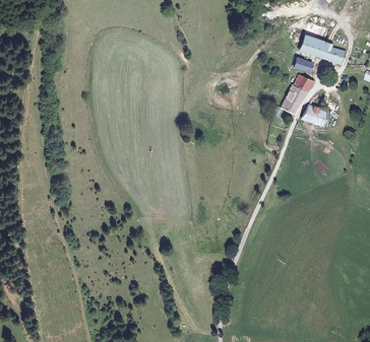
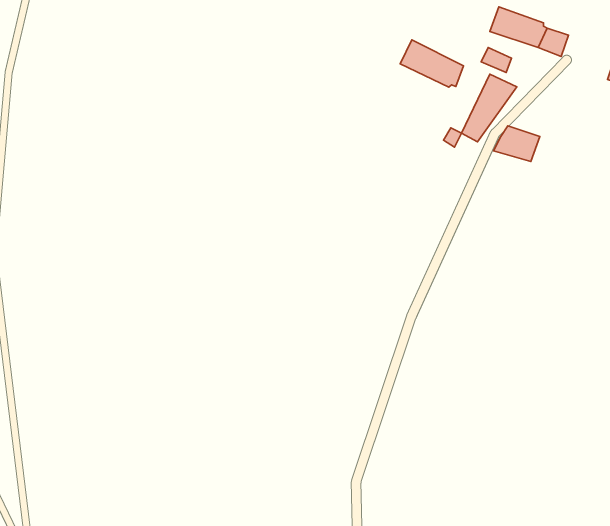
building: none -> [400,40,464,87]

